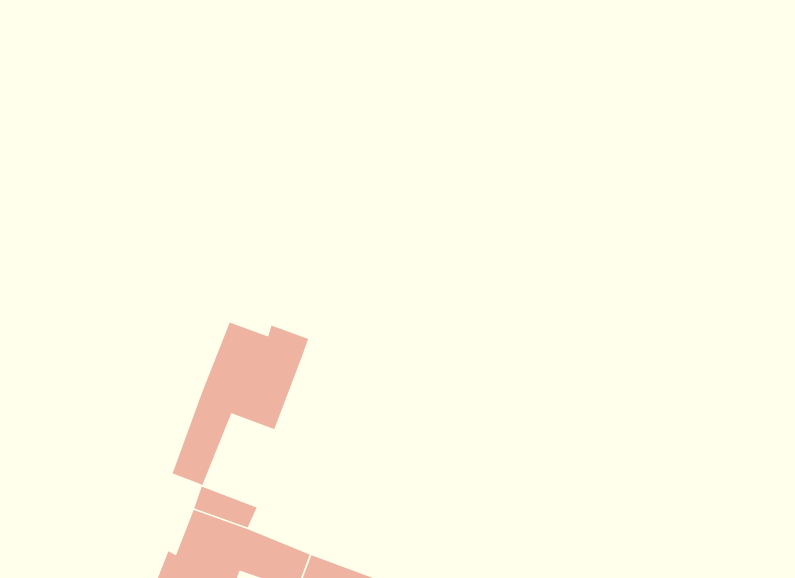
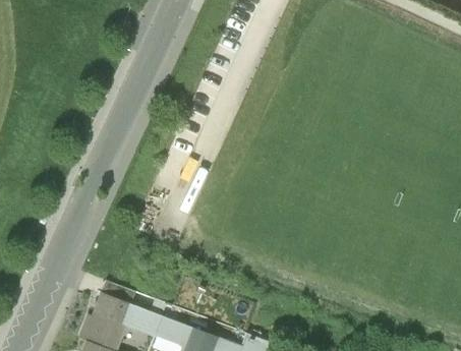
building: [172,322,309,486] -> none

